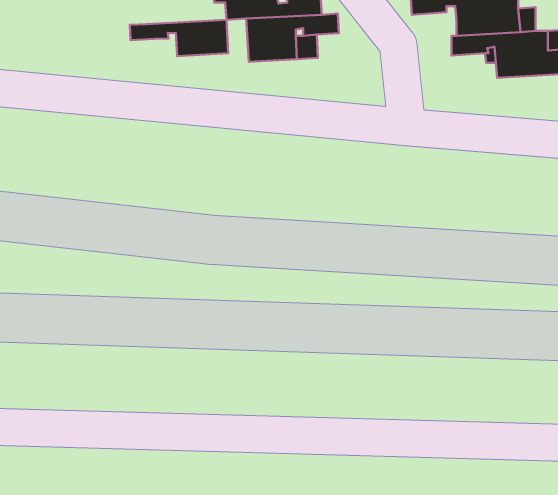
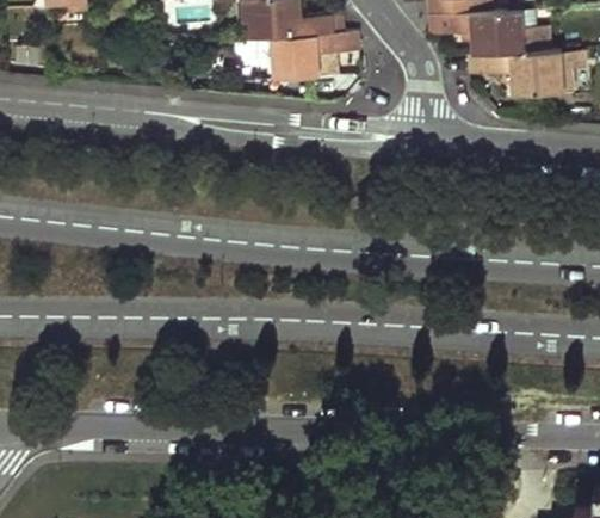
building: [130,20,228,56] -> none

